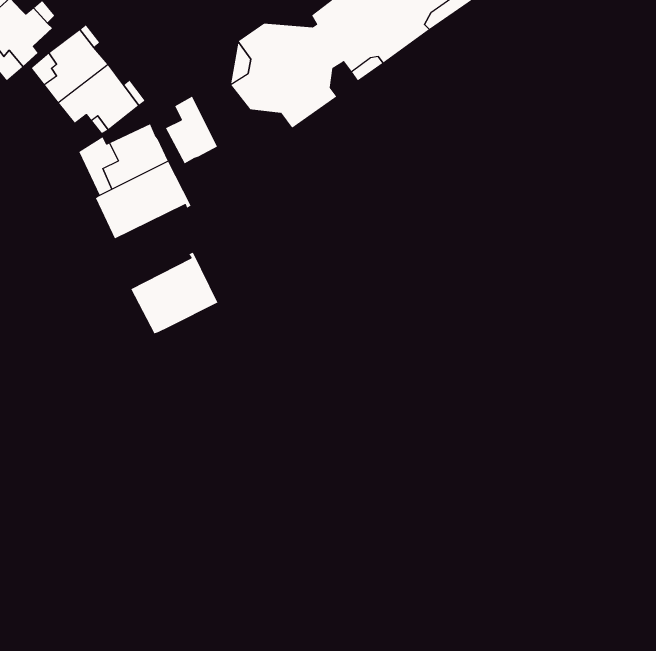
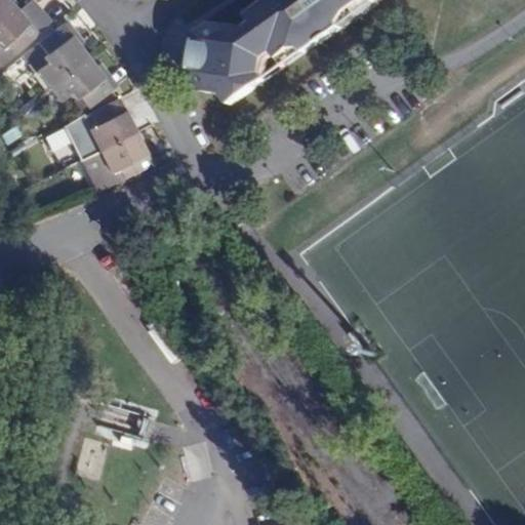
building: [165,96,218,164] -> none
building: [131,252,218,334] -> none

